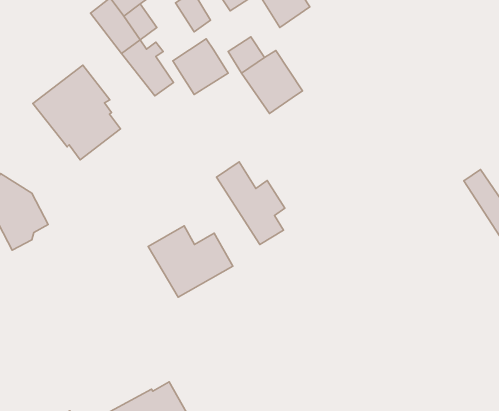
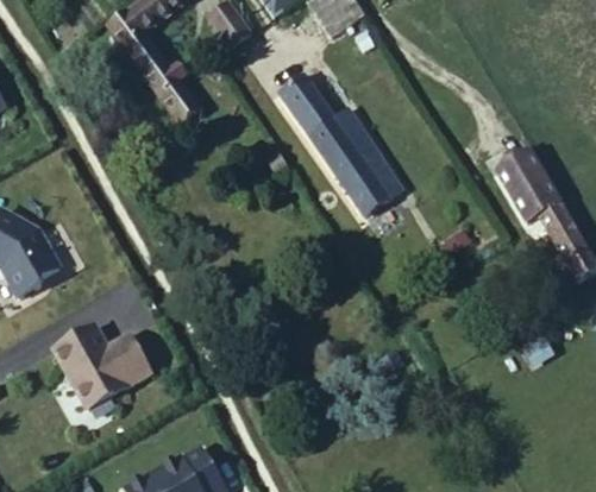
building: [173,39,228,94] -> none
building: [33,65,121,160] -> none
building: none -> [495,154,558,223]
building: [216,162,285,245] -> [315,122,394,217]
building: [148,226,233,297] -> [50,328,148,410]

